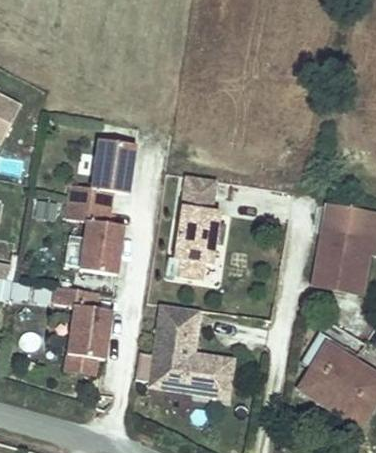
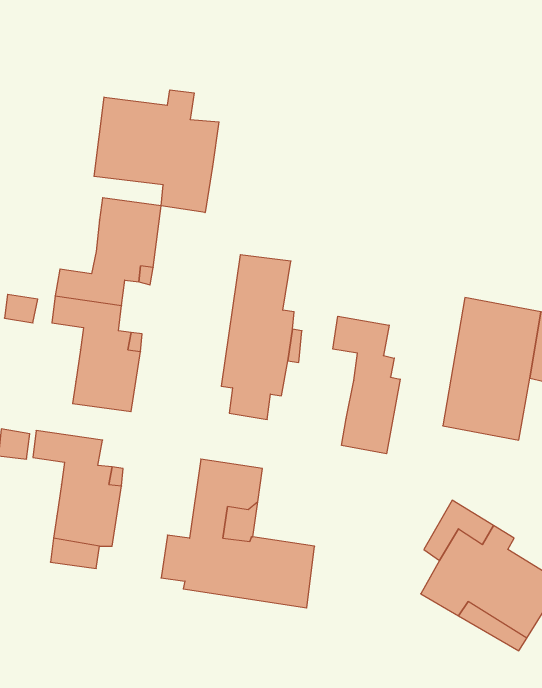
building: none -> [94,90,219,213]
building: none -> [333,316,400,454]

